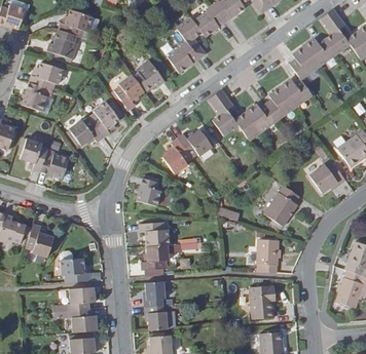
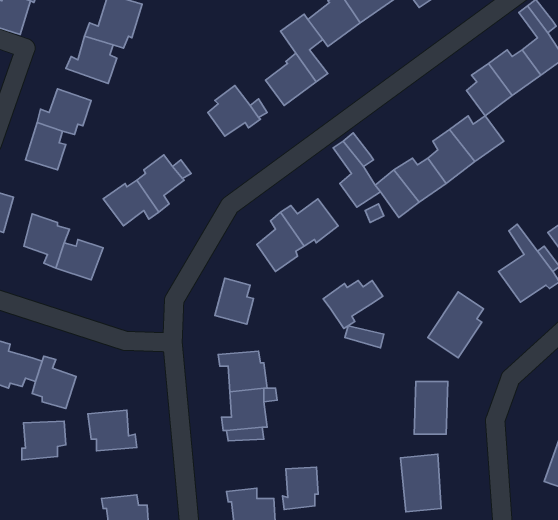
building: [114,75,143,110] -> none
building: none -> [323,281,383,328]
building: [143,281,164,307] -> [283,467,318,509]
building: [68,287,95,311] -> [22,421,66,460]

